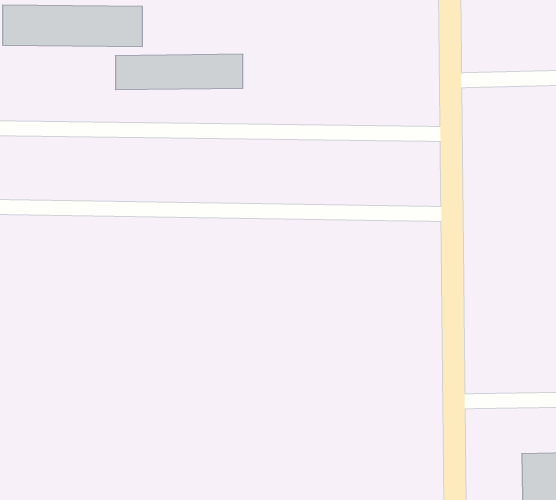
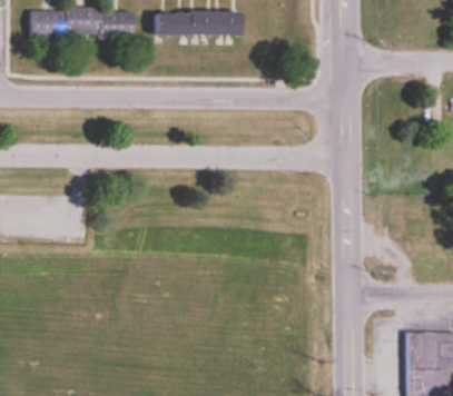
building: [115,54,243,90] -> [150,11,243,37]

